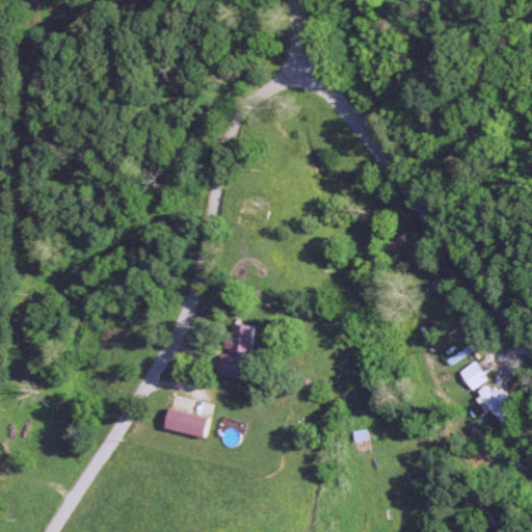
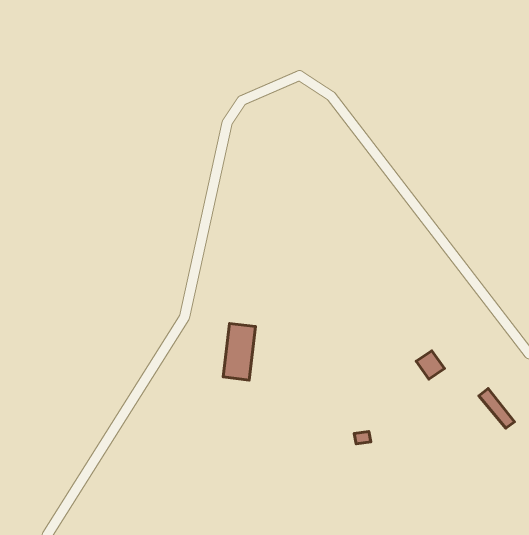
building: [457,361,485,389] -> [416,351,445,379]
building: [165,408,208,436] -> none

